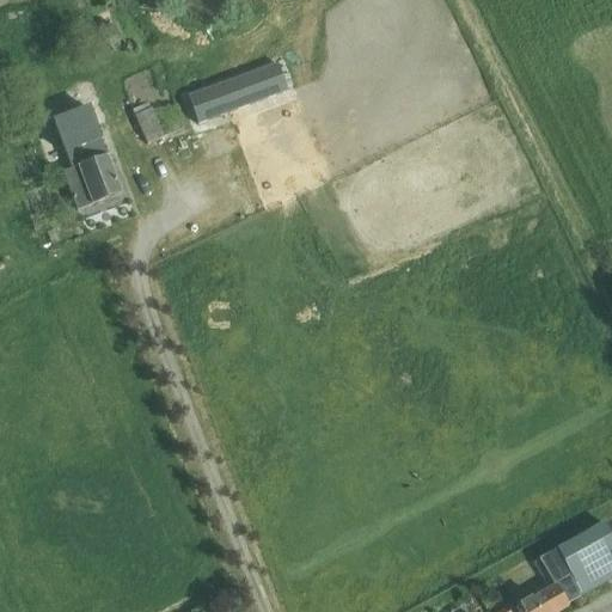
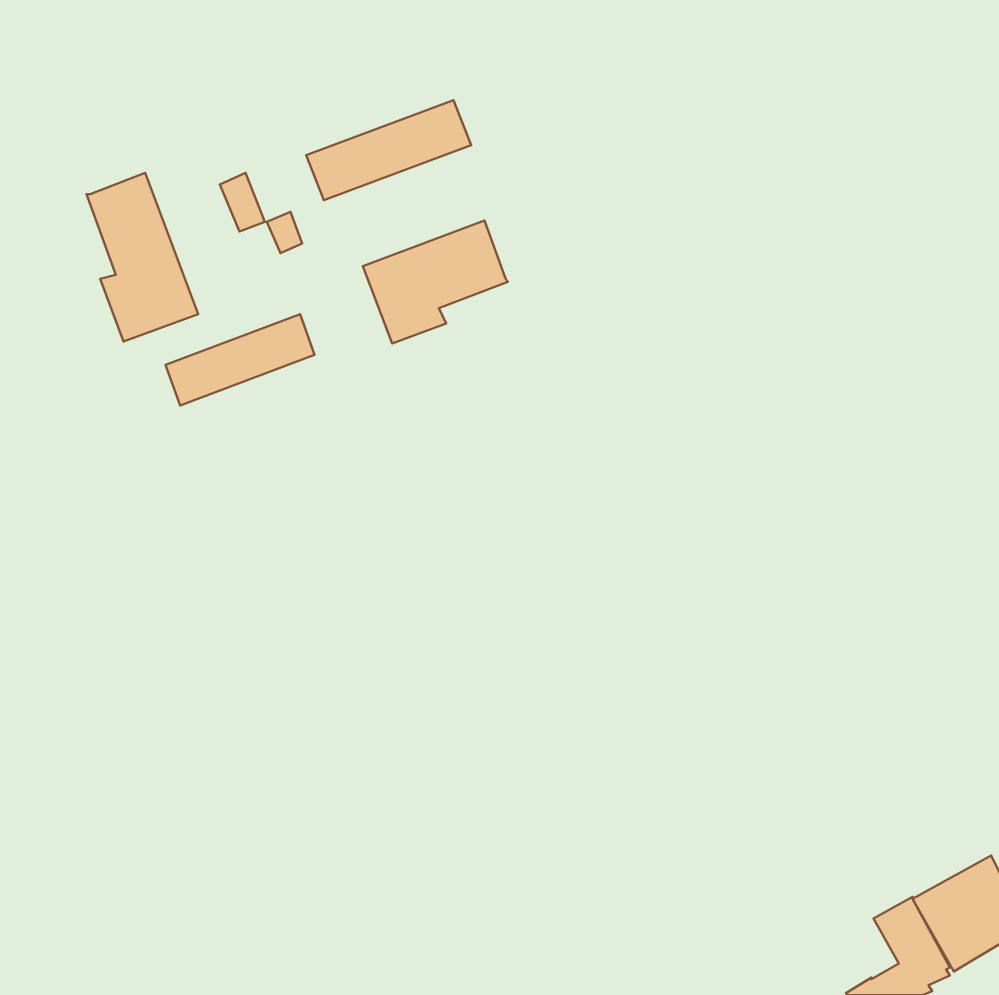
building: none -> [363,221,508,344]
building: none -> [166,314,315,405]

